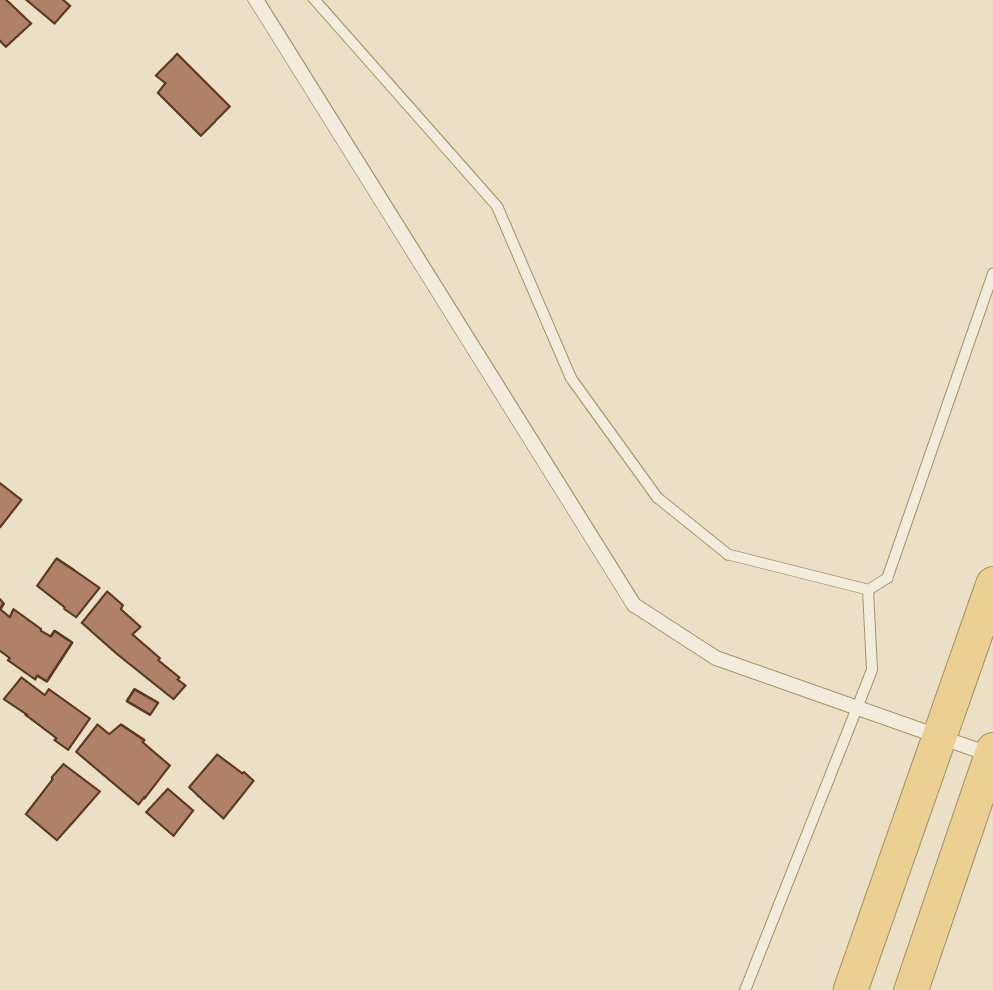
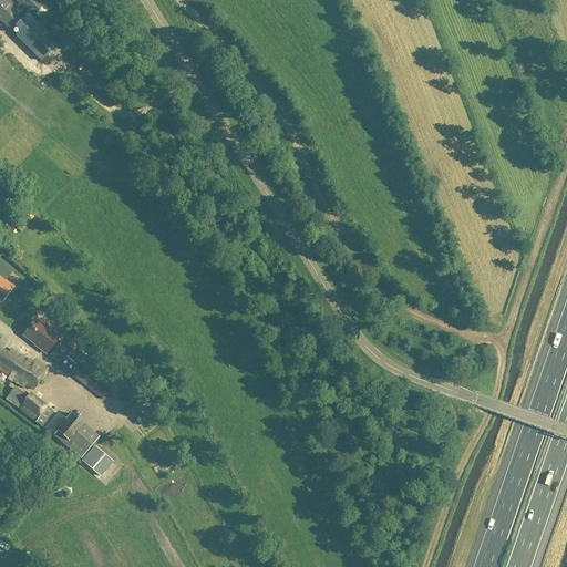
building: [156,54,230,136] -> [12,11,54,58]
building: [189,754,253,819] -> none
building: [26,764,100,840] -> none

